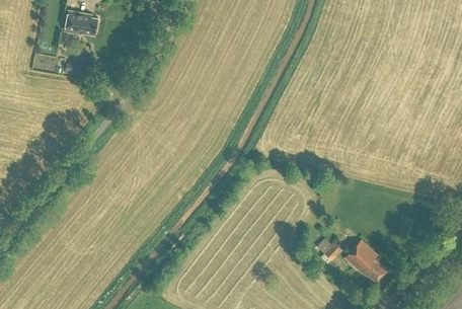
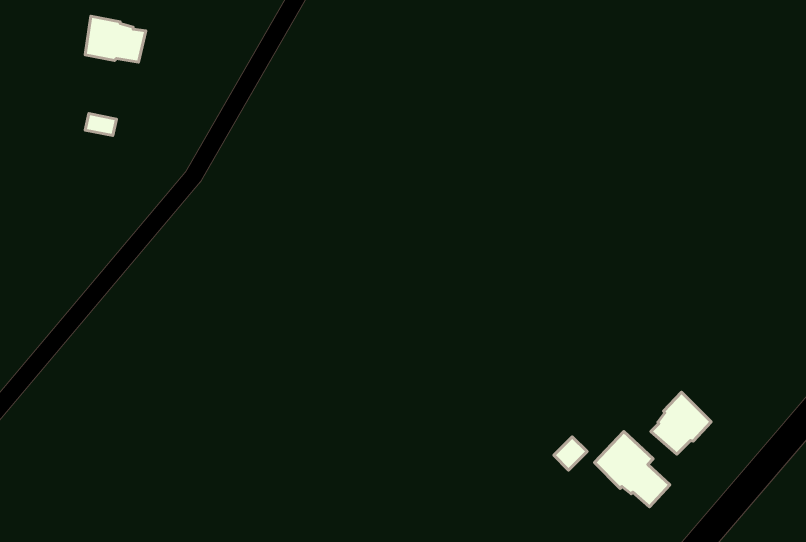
building: none -> [651,392,711,454]

